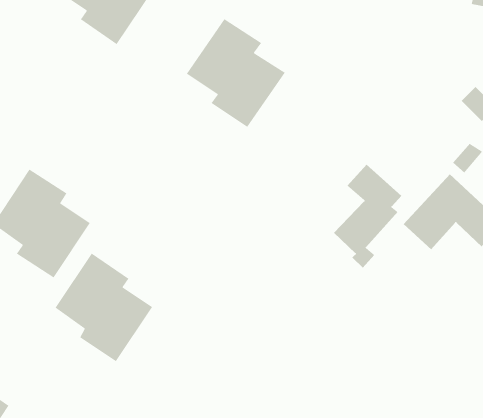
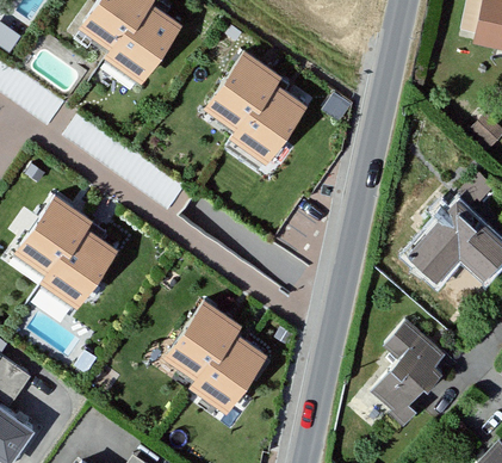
building: [333,164,402,269] -> [378,325,445,426]
building: [54,252,153,362] -> [167,304,262,410]

